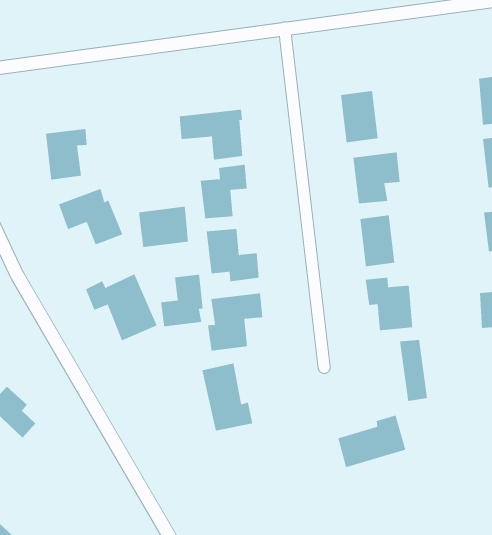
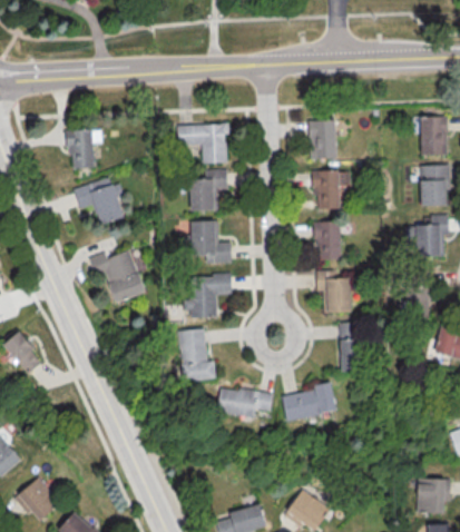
building: [138,206,188,248] -> none
building: [161,274,203,327] -> none
building: none -> [217,386,273,417]

